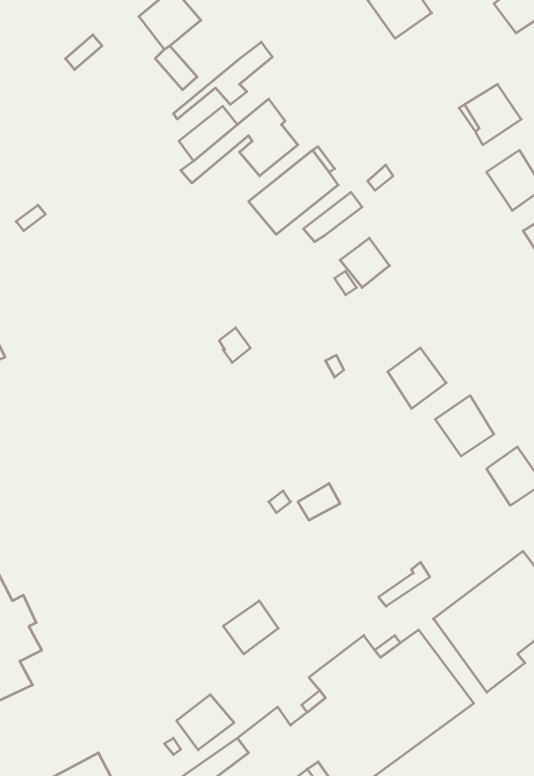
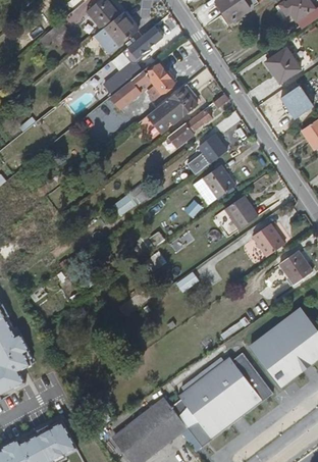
building: none -> [104,11,139,45]
building: none -> [194,165,235,205]
building: [223,601,278,654] -> none
building: [177,695,234,750] -> none

